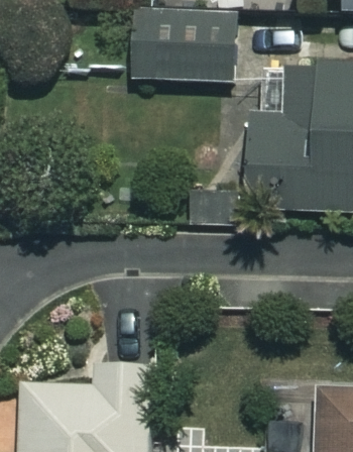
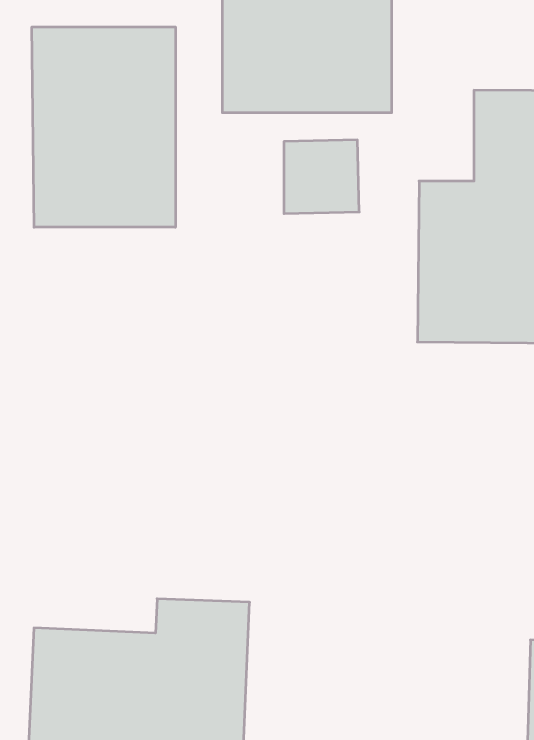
building: none -> [32,27,175,227]

